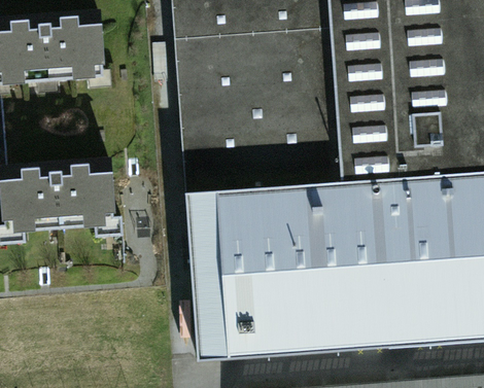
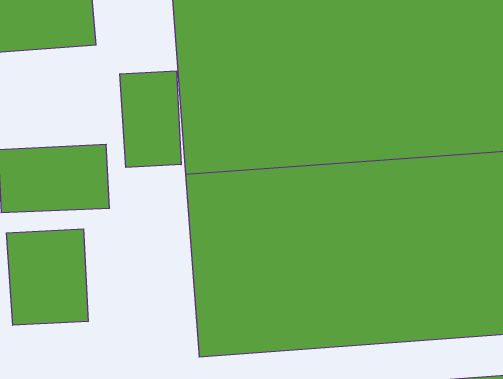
building: none -> [120,71,181,167]
building: none -> [7,229,88,325]

